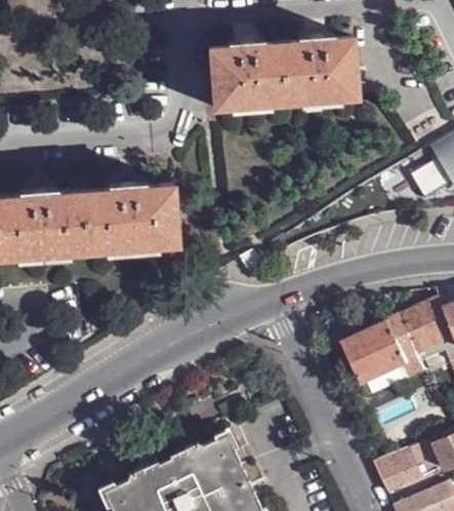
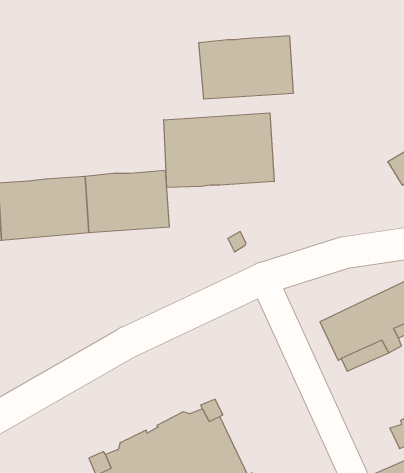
building: [306,39,360,104] -> none
building: none -> [164,113,274,187]
building: [373,448,422,494] -> none

